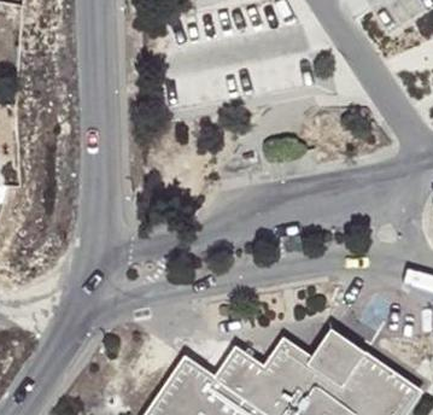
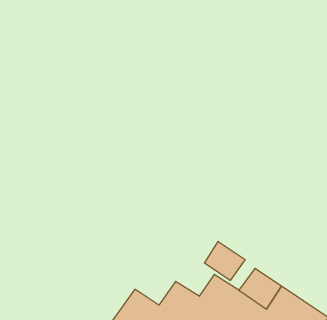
building: none -> [205,241,245,281]

